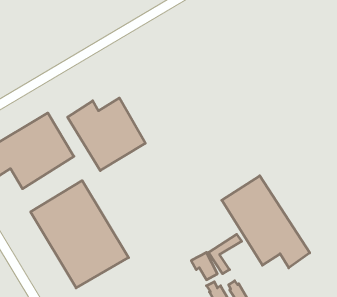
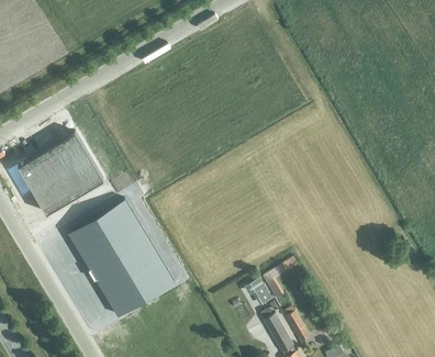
building: [68,98,145,171] -> none
building: [222,176,310,268] -> none

